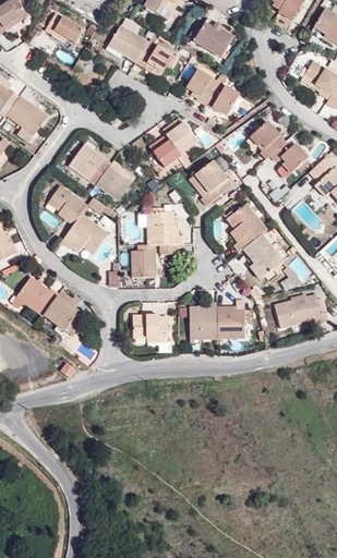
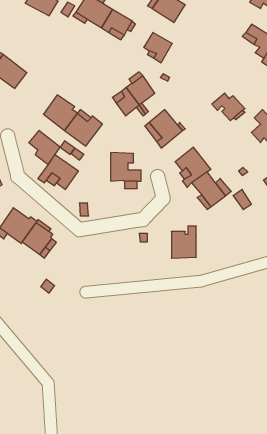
building: [207,81,241,113] -> none
building: [245,119,282,156] -> none
building: [134,243,163,277] -> none
building: [274,293,324,327] -> none
building: [194,299,220,338] -> none
building: [137,312,176,340] -> none

